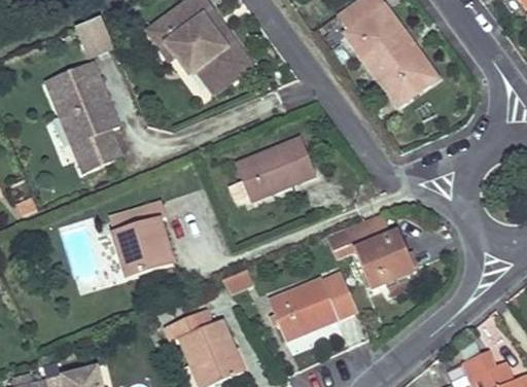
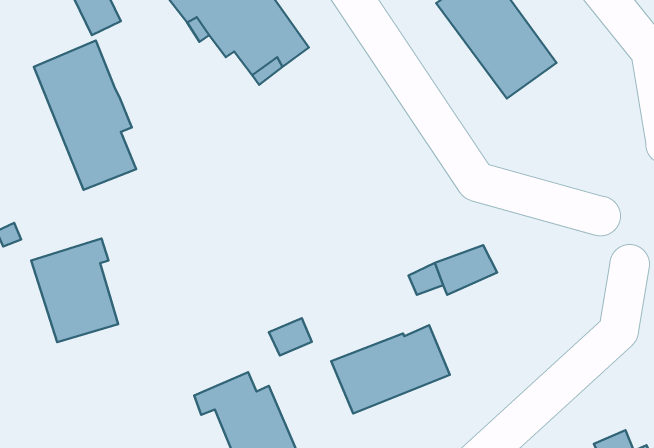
building: [229,138,315,203] -> none
building: [108,201,173,278] -> [31,238,118,342]
building: [354,231,415,288] -> none

